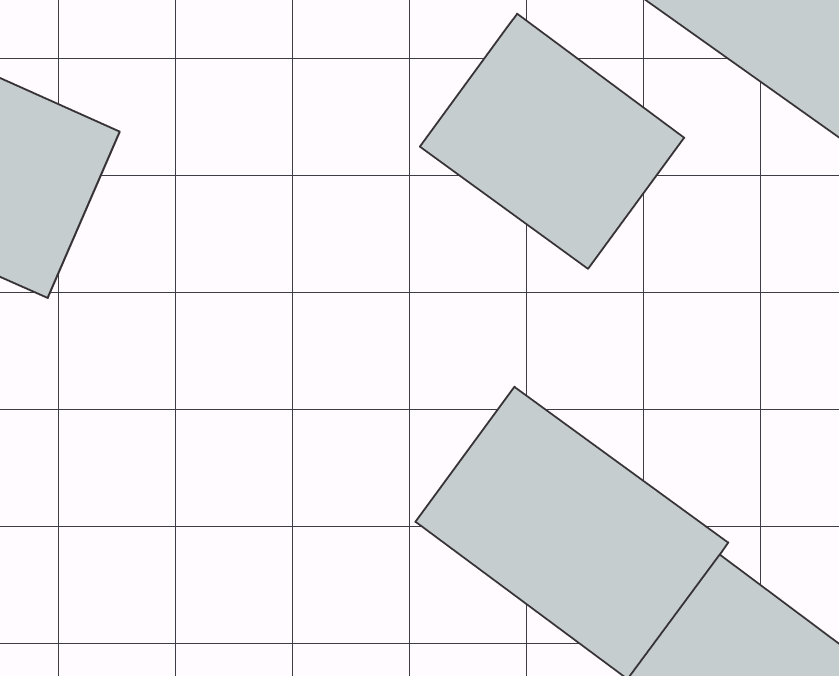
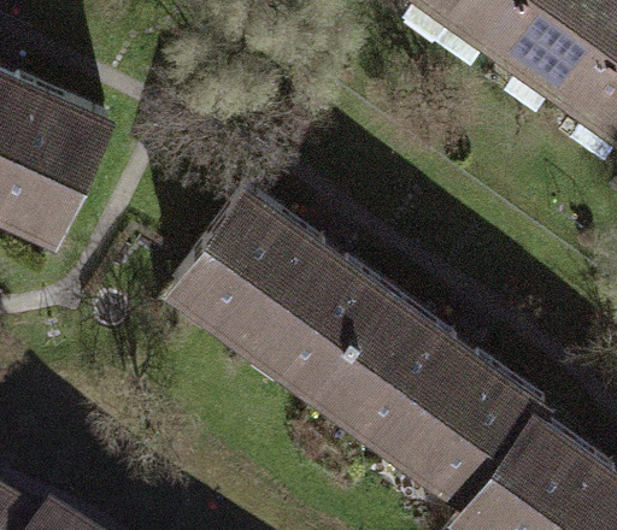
building: [420,14,684,269] -> none
building: none -> [165,187,381,389]

